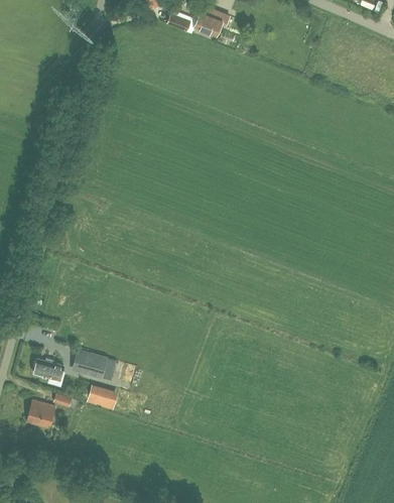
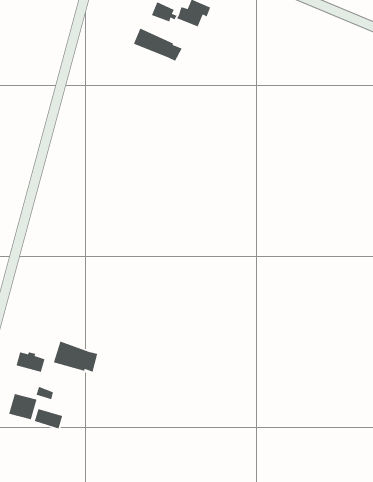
building: none -> [133,28,183,62]
building: [89,386,118,407] -> [34,408,63,430]

